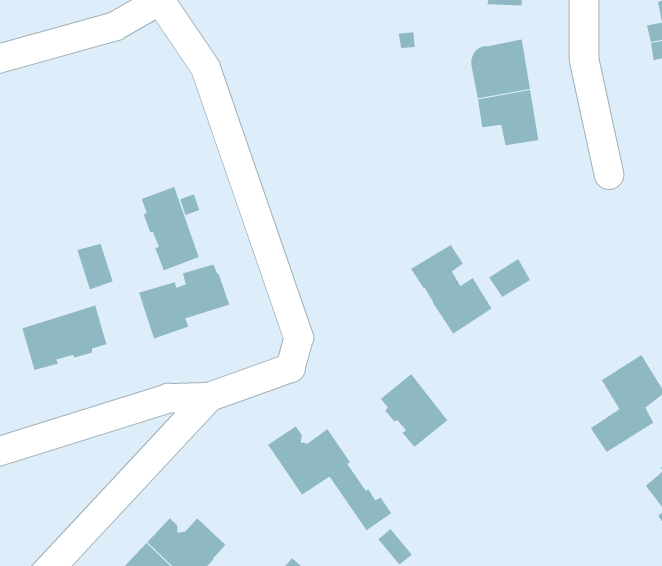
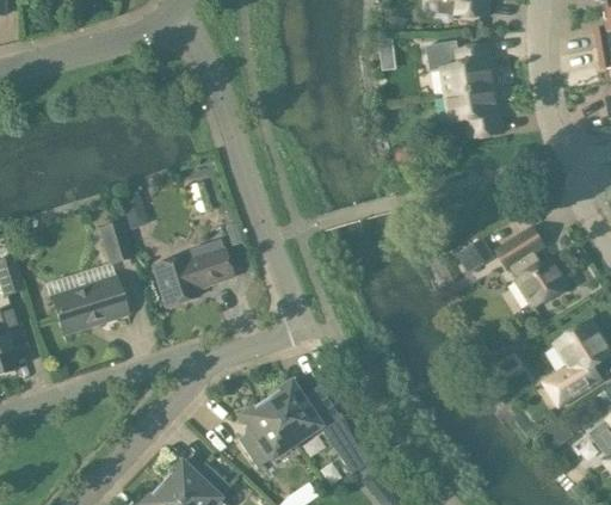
building: [139,186,200,271] -> none
building: [410,244,492,335] -> [498,229,569,308]
building: [377,373,448,448] -> none
building: none -> [237,399,295,468]

